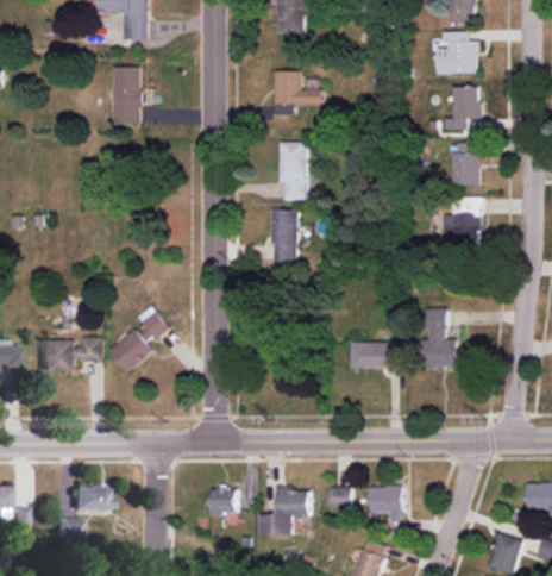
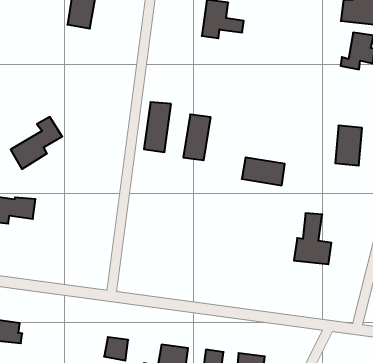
building: [281,142,306,200] -> [144,102,171,152]
building: [452,143,479,186] -> none
building: [109,306,169,372] -> [11,117,62,169]
building: [349,342,397,369] -> [242,157,285,185]

